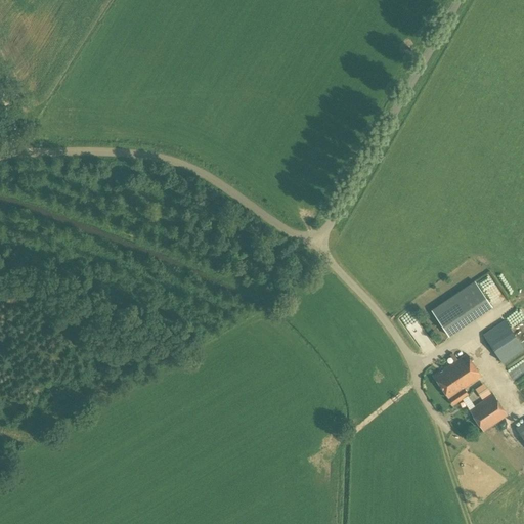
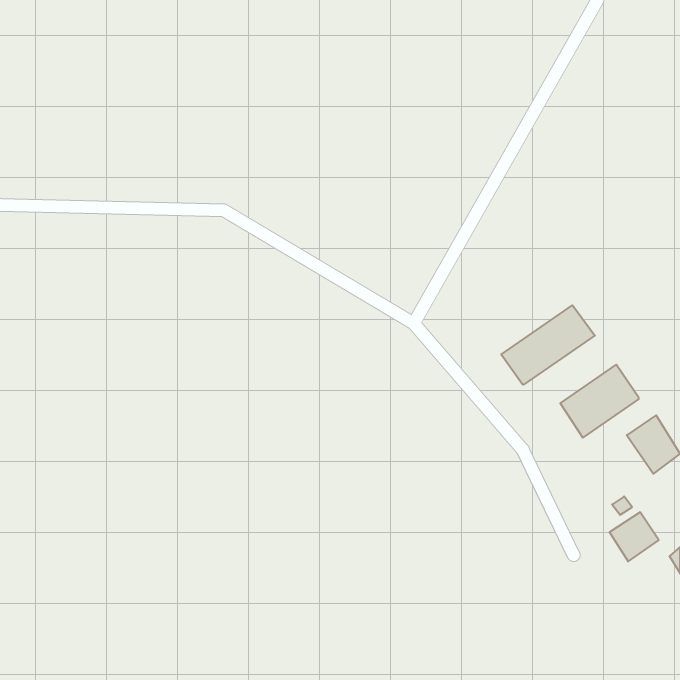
building: none -> [501,305,595,385]
building: [433,354,480,405] -> none

